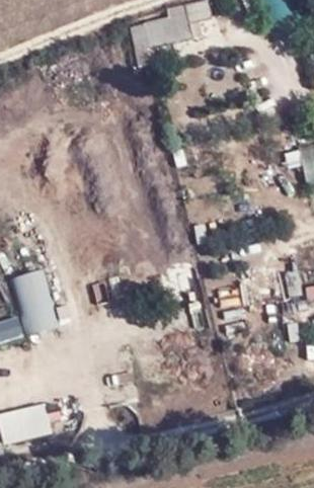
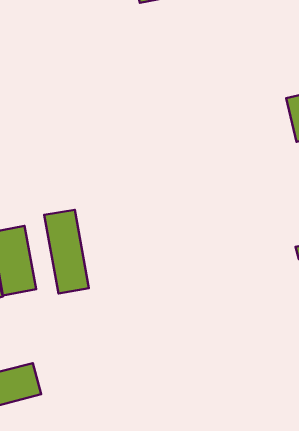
building: none -> [44,210,89,293]

